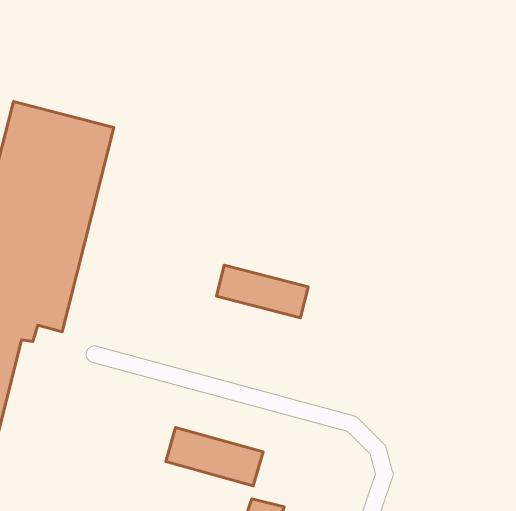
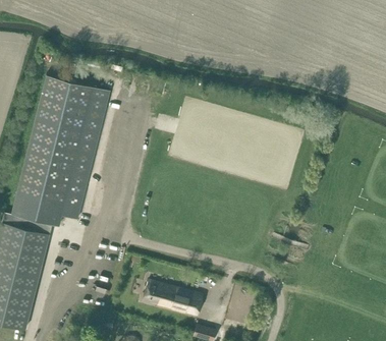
building: [217,265,308,318] -> none

